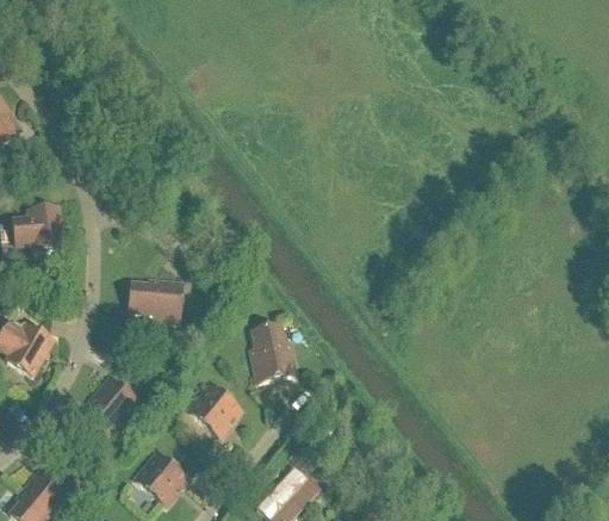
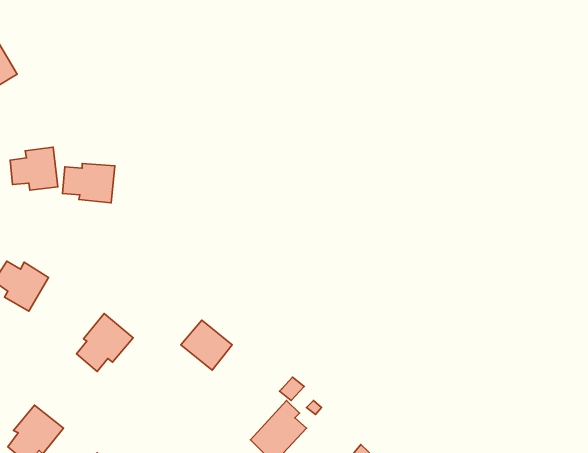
building: [129,278,182,318] -> [62,163,115,203]
building: [251,323,296,380] -> none
building: [135,451,187,502] -> none

